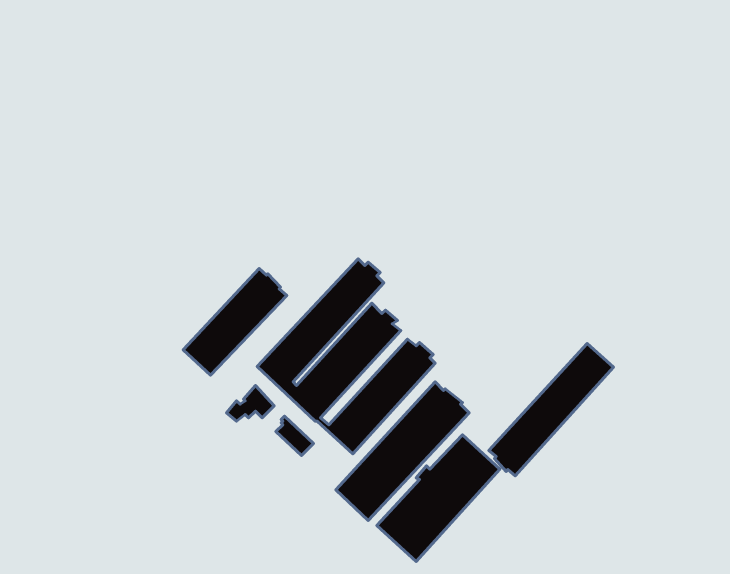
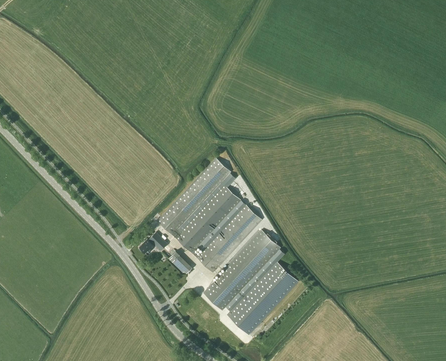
building: [183,269,287,375] -> none
building: [489,343,614,476] -> none

